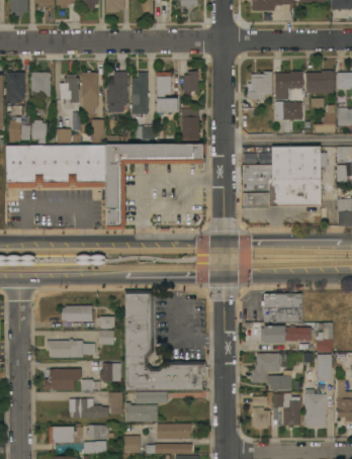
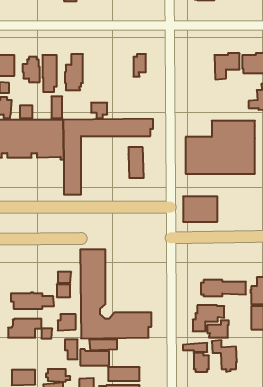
building: [131,71,149,113] -> none
building: [248,71,272,99] -> none
building: [156,72,178,111] -> none
building: [276,101,302,120] -> none
building: [182,107,199,142] -> [128,147,144,178]
building: [263,293,301,322] -> [183,196,217,222]
building: [61,304,91,322] -> none
building: [304,388,325,425] -> none
building: [69,398,107,419] -> none

